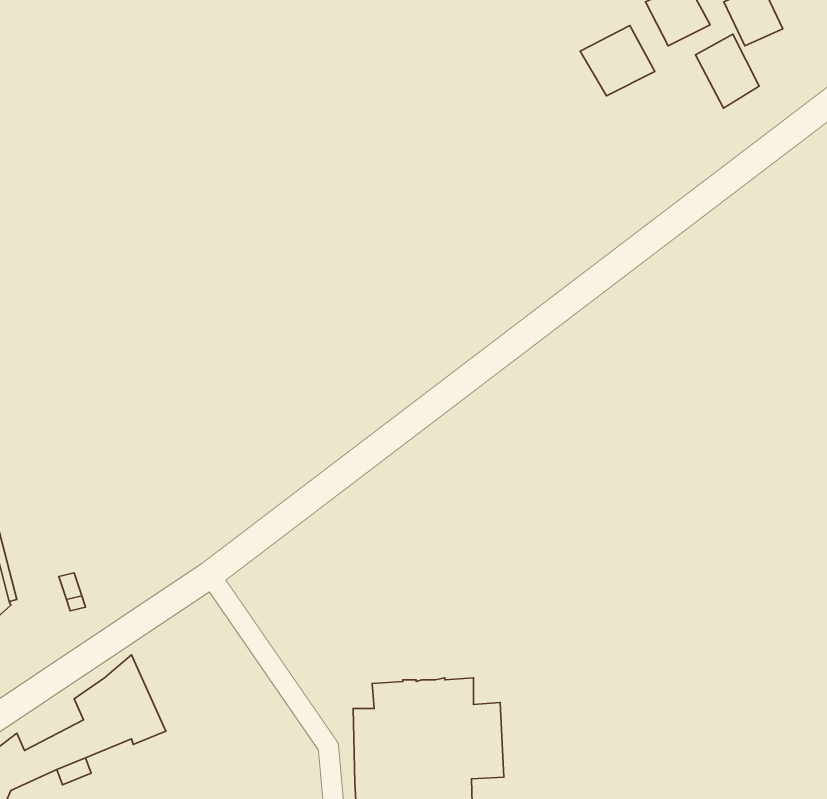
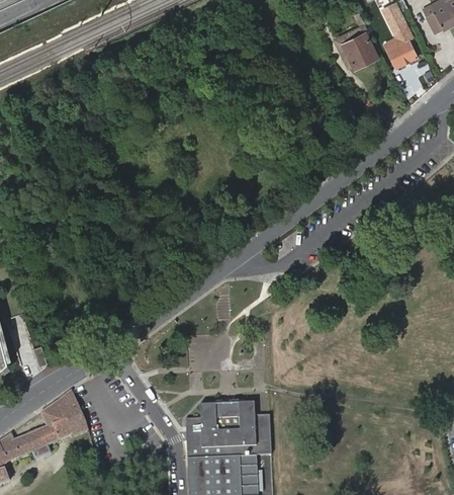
building: [580,25,655,96] -> none
building: [696,34,759,108] -> none

